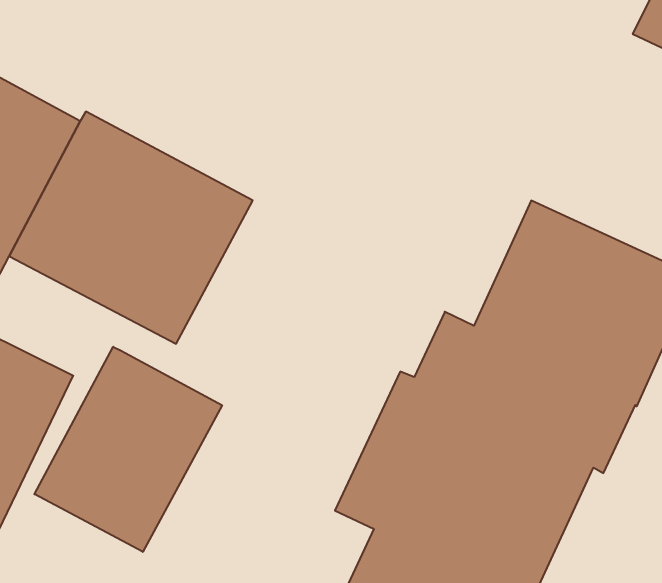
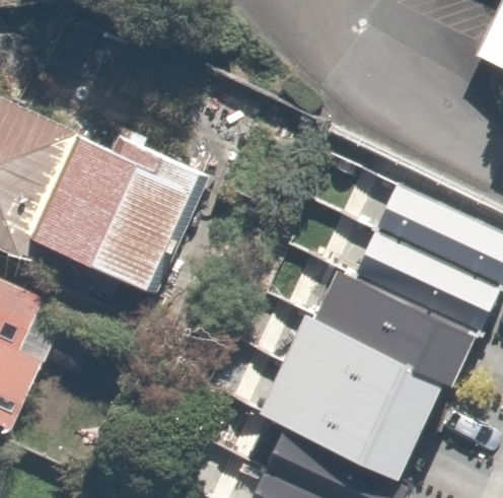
building: [34,347,222,552] -> none

